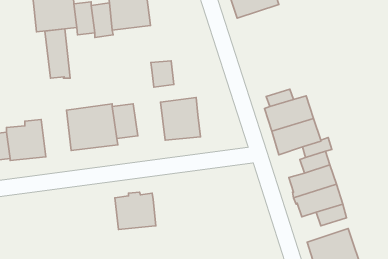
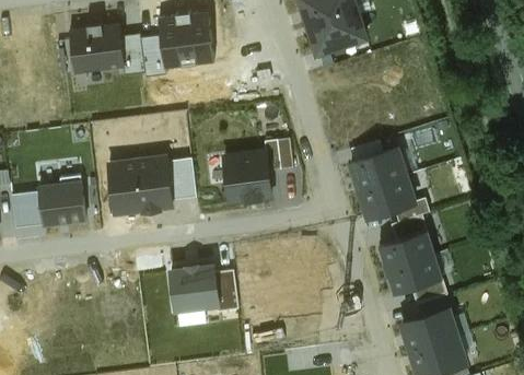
building: [45,29,70,78] -> none
building: [151,61,174,87] -> [265,139,292,171]
building: none -> [214,270,237,309]

